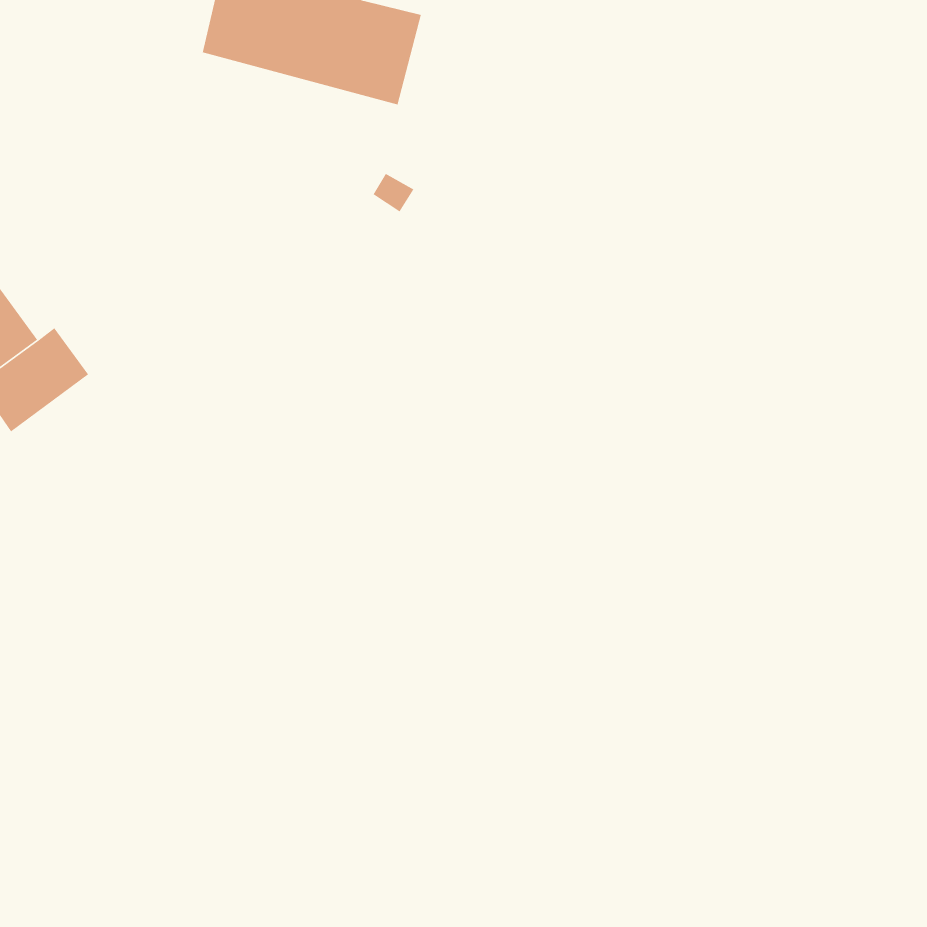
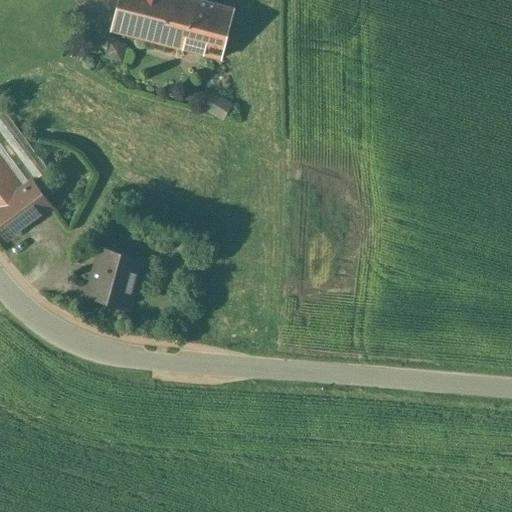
building: none -> [87,242,139,306]

